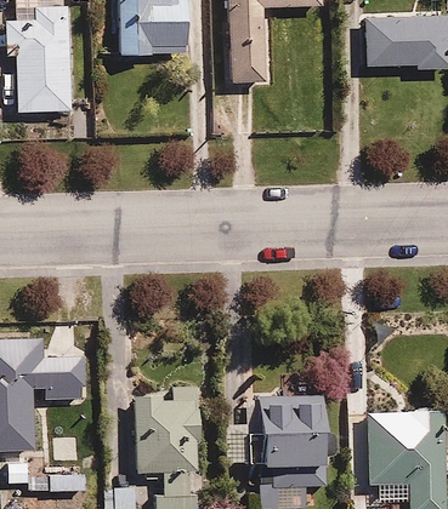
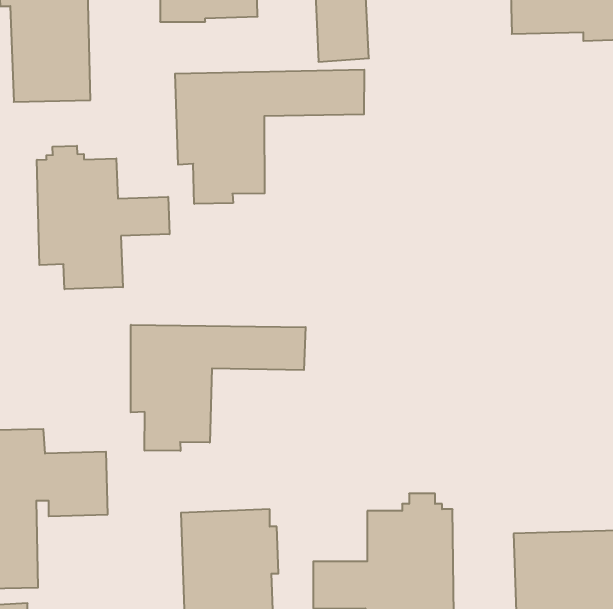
building: none -> [175,70,364,204]
building: none -> [37,146,169,289]
building: none -> [131,325,306,451]

